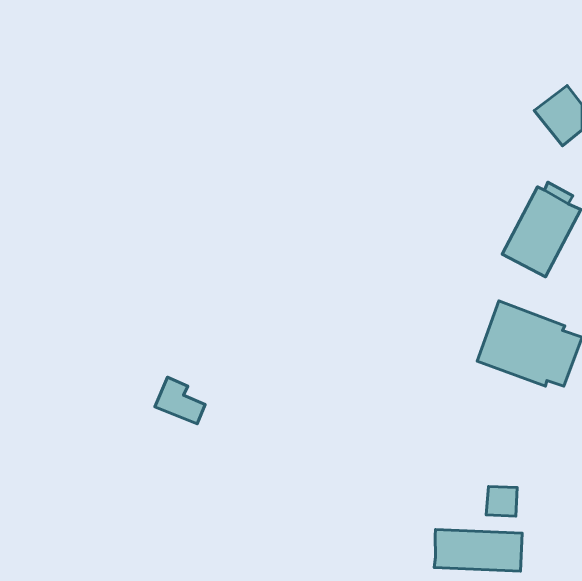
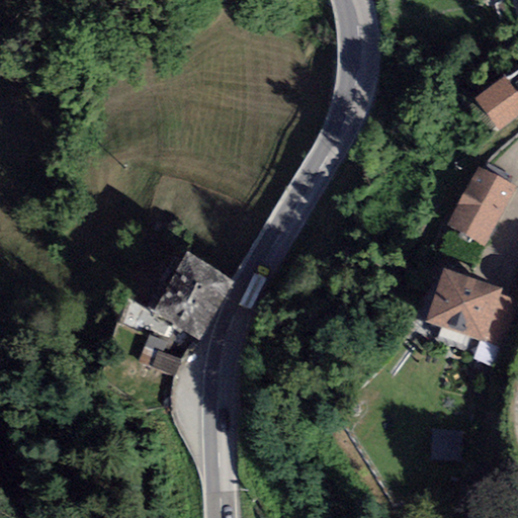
building: none -> [151,252,235,340]
building: [434,530,522,571] -> none

